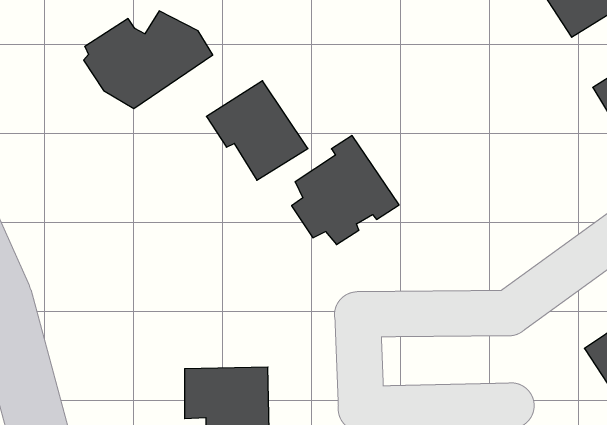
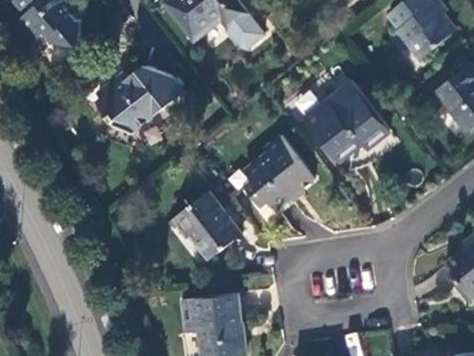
building: none -> [304,80,389,160]
building: [206,81,308,180] -> [173,192,243,258]

